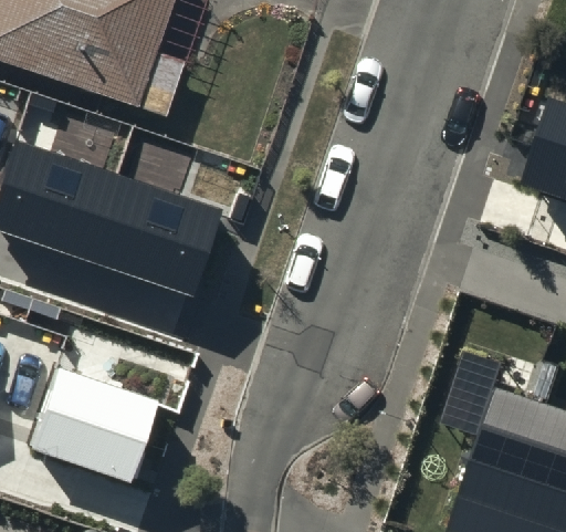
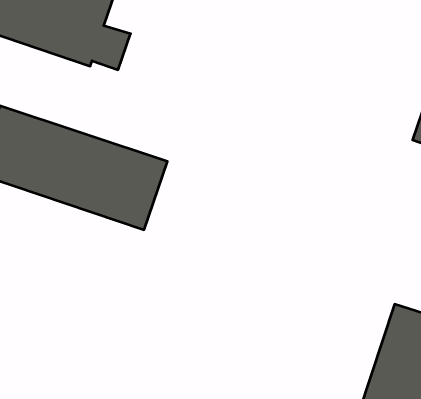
building: [29,366,161,487] -> none

